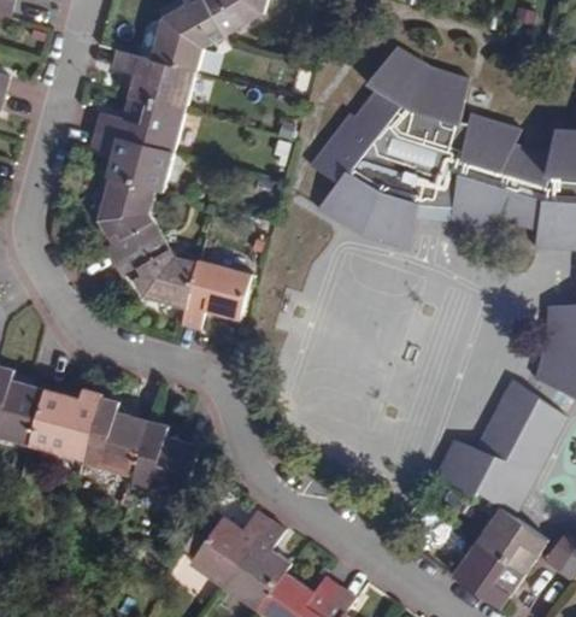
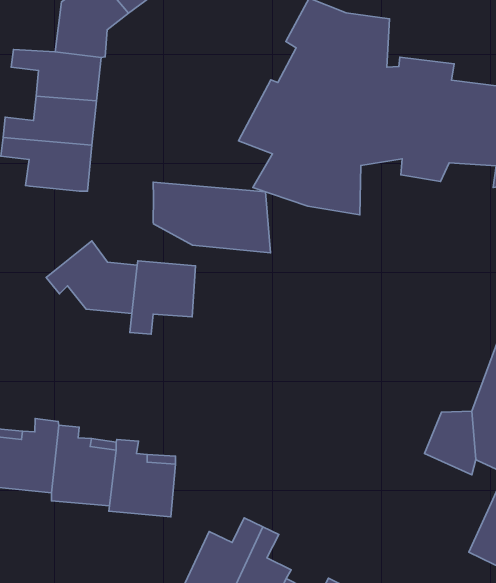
building: [99,175,158,260] -> none
building: none -> [153,182,271,253]

